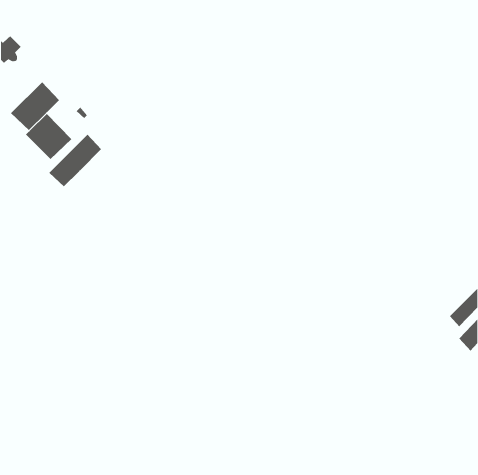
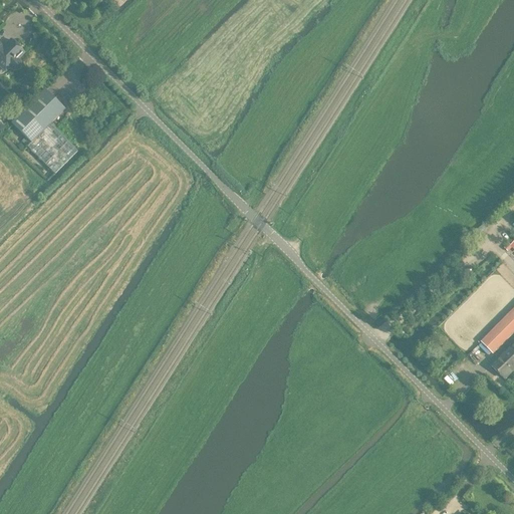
building: [48,134,102,187] -> none

